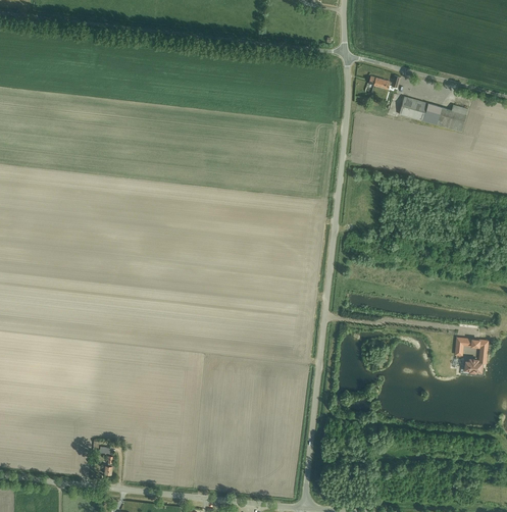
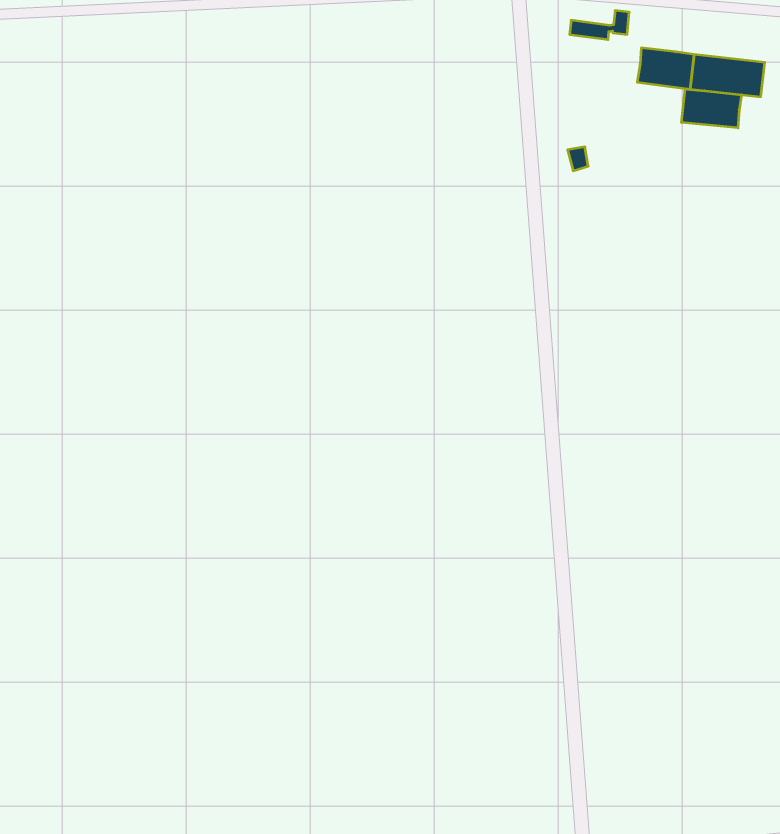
building: none -> [682,89,742,128]

